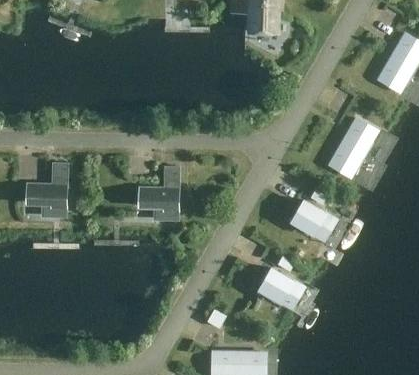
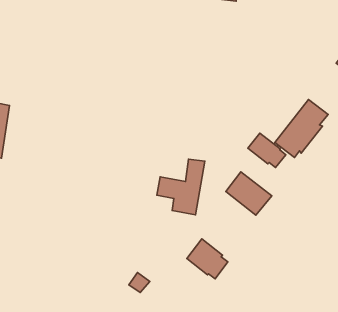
building: none -> [248,133,286,168]
building: [138,167,180,220] -> [157,159,205,215]

